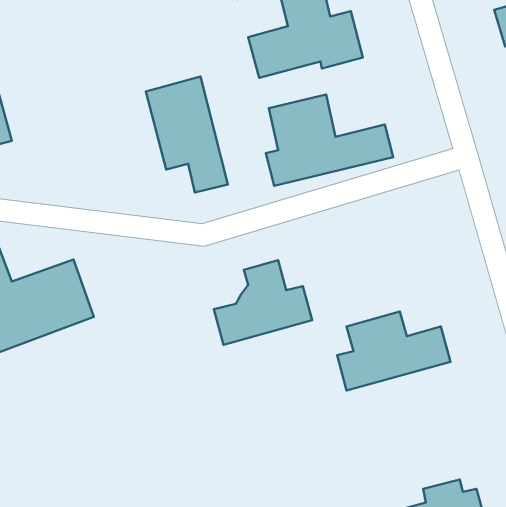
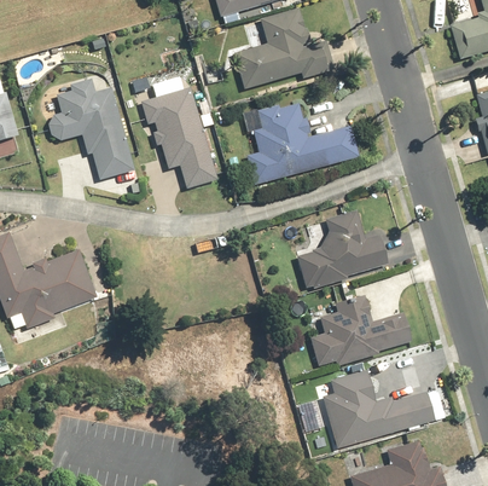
building: none -> [48,77,136,183]
building: [214,260,312,345] -> [301,208,388,283]
building: none -> [320,368,435,445]

